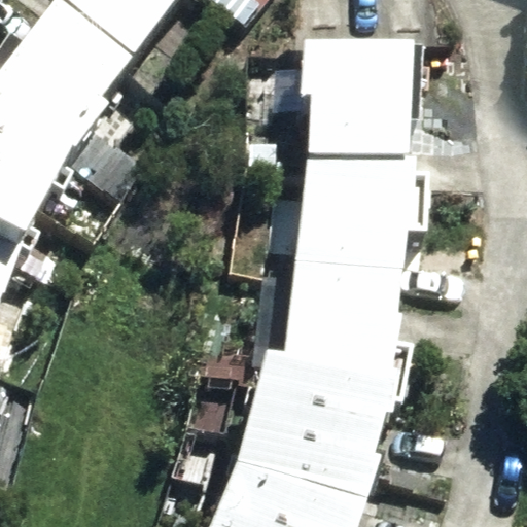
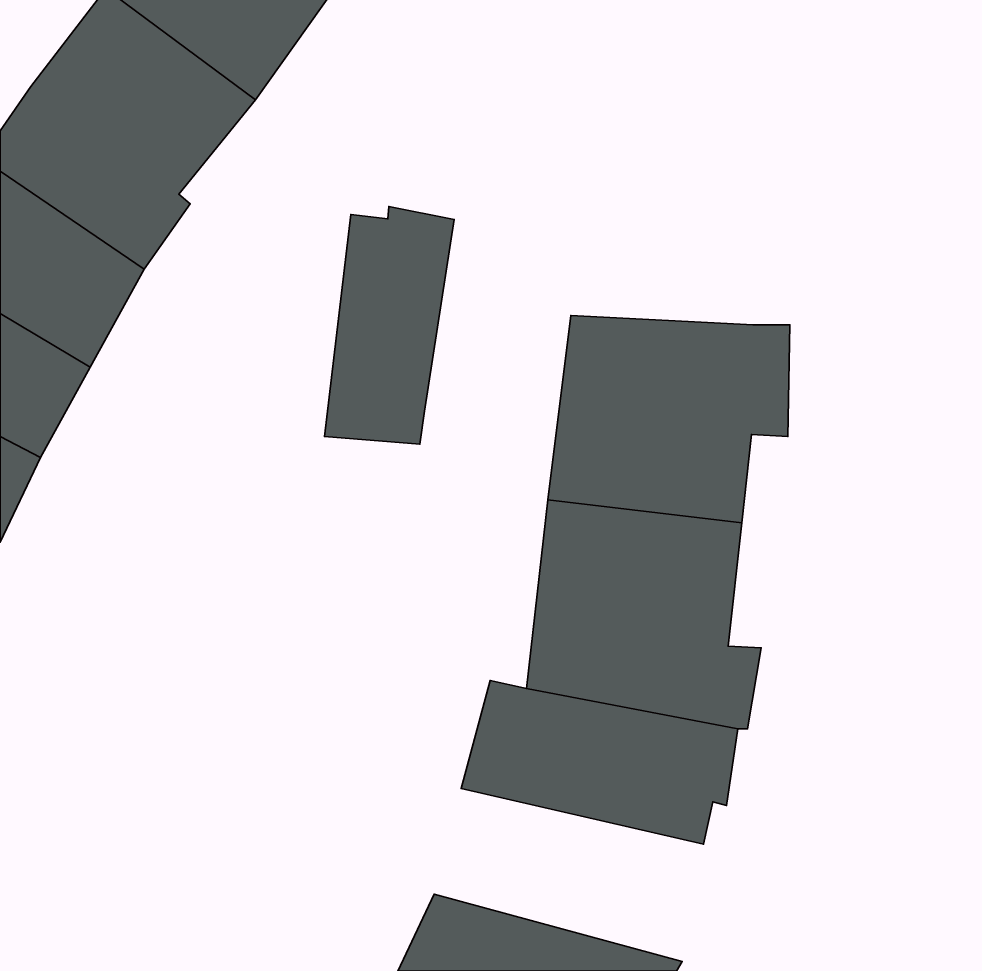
building: [302,45,421,174] -> none
building: none -> [325,206,454,444]
building: [233,422,377,515] -> none

